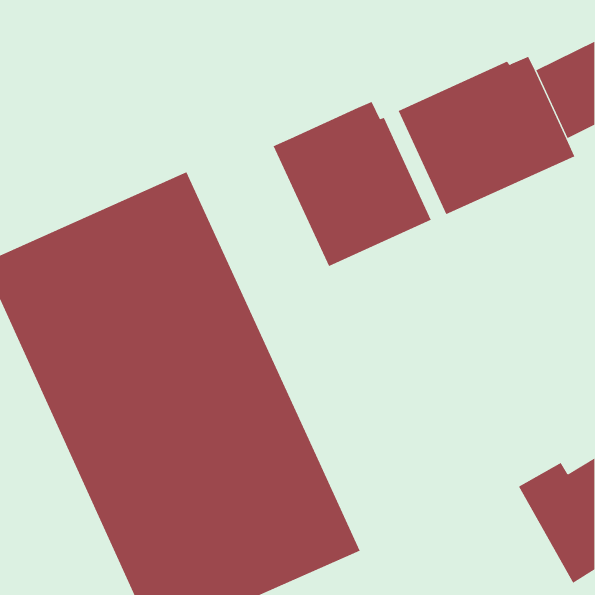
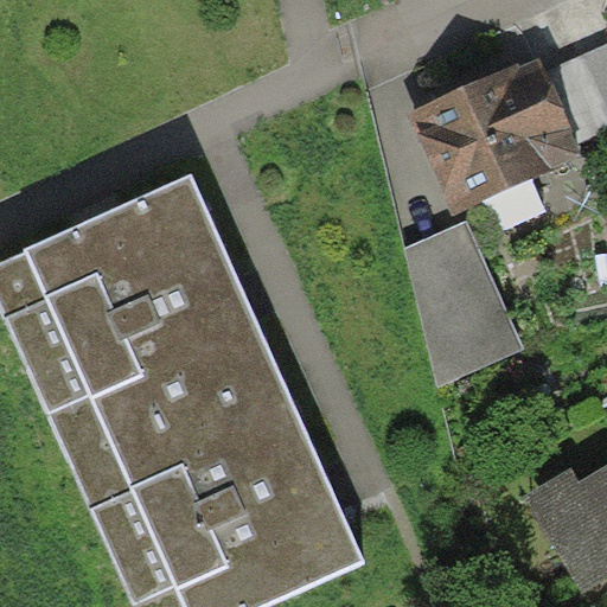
building: [273,101,431,267] -> none
building: none -> [403,221,523,388]

